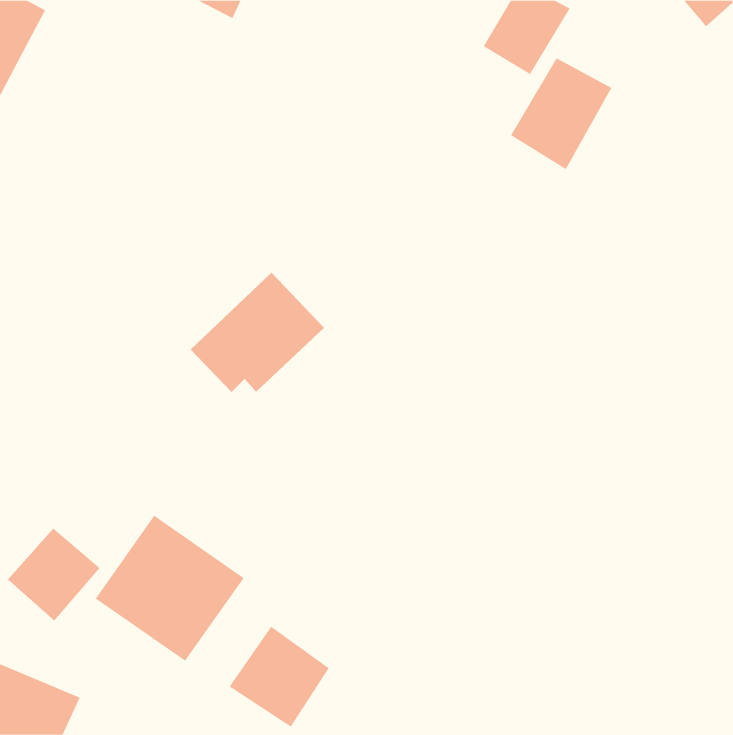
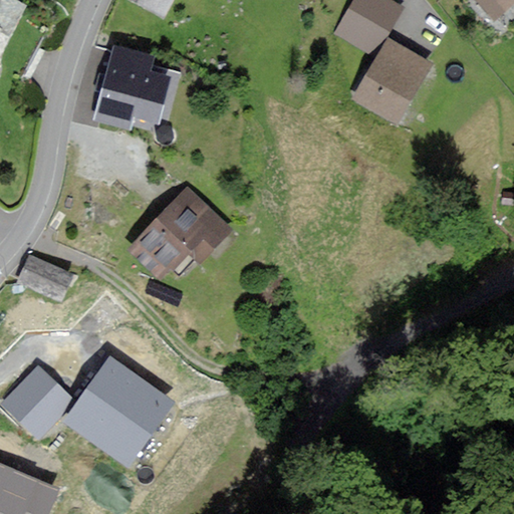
building: none -> [95,46,167,126]
building: none -> [17,254,74,301]
building: [229,626,330,728] -> none

